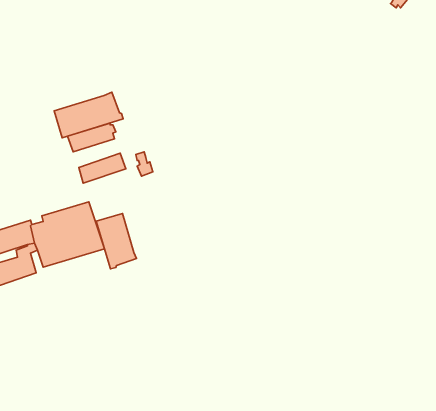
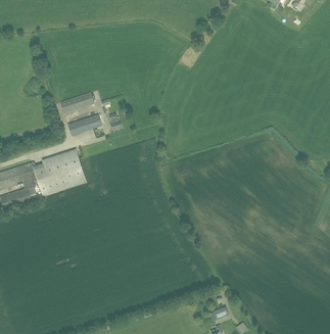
building: [54,92,123,138] -> none
building: [96,213,137,269] -> none

